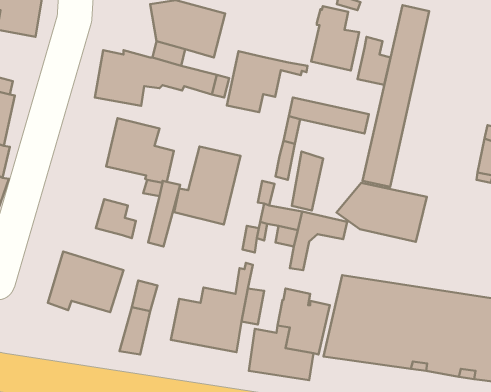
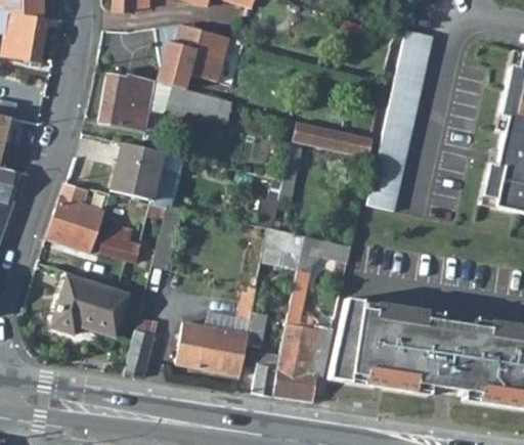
building: [311,6,359,71] -> none
building: [357,37,391,85] -> none
building: [227,51,307,112] -> none
building: [174,146,241,224] -> none
building: [292,152,323,210] -> none
building: none -> [45,182,104,253]
building: [336,183,427,242] -> none

